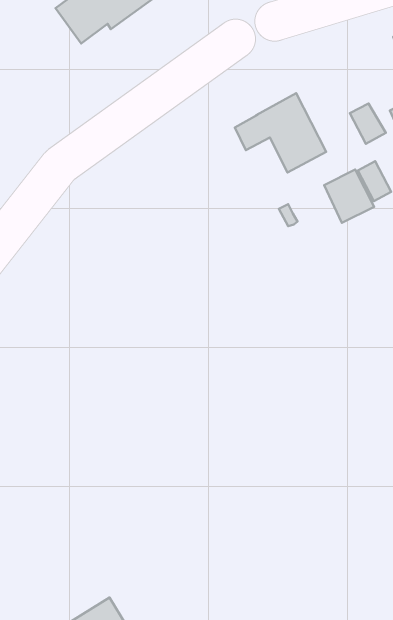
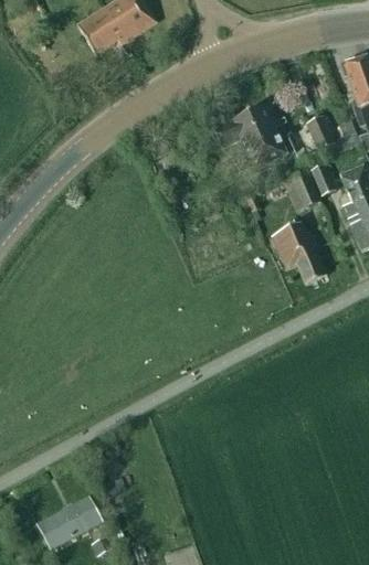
building: none -> [272,218,327,282]

